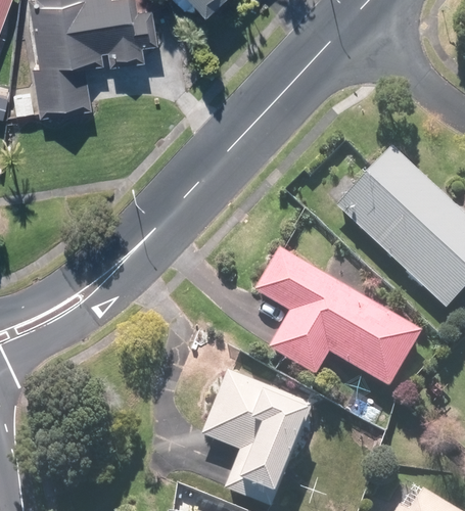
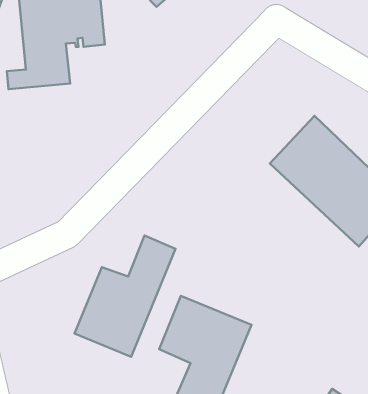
building: [253,246,420,384] -> none
building: none -> [74,236,176,357]

